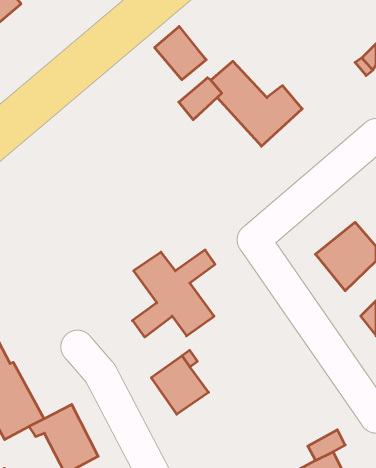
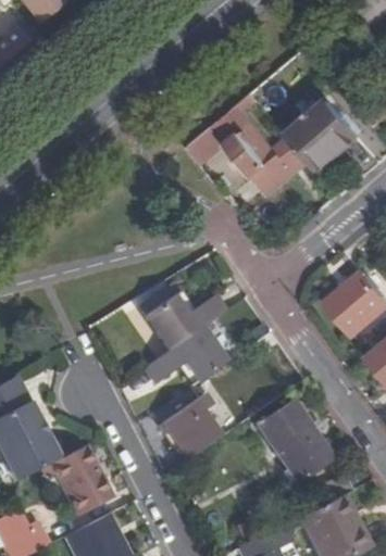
building: [155,26,206,80] -> none
building: none -> [287,97,360,169]
building: none -> [261,397,335,479]

